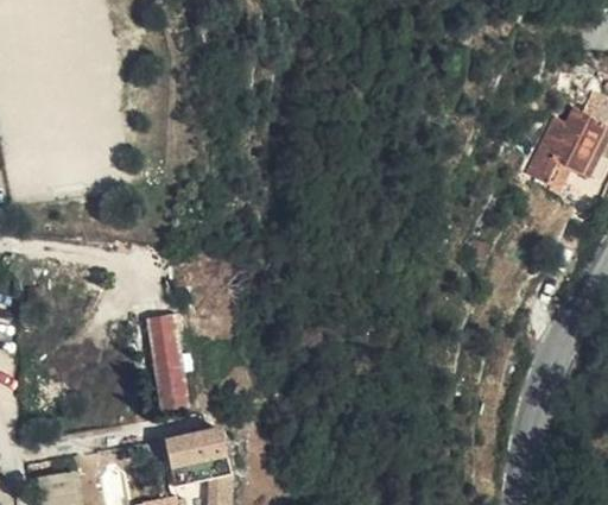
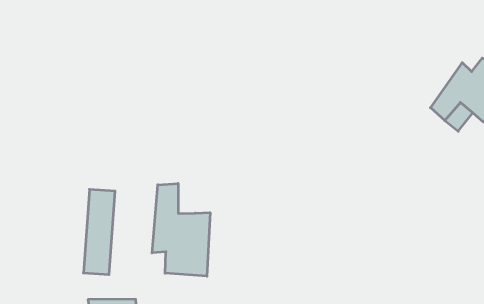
building: none -> [152,183,210,276]

